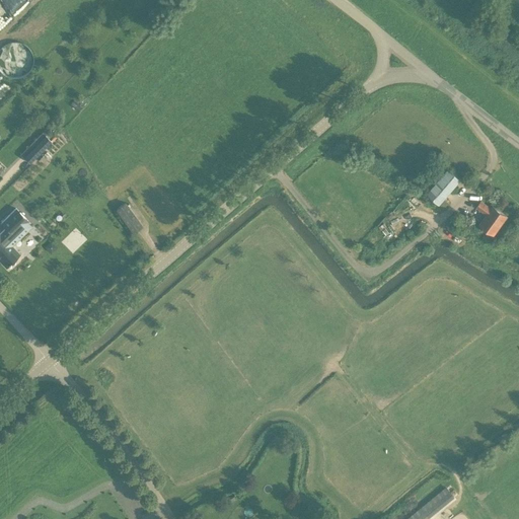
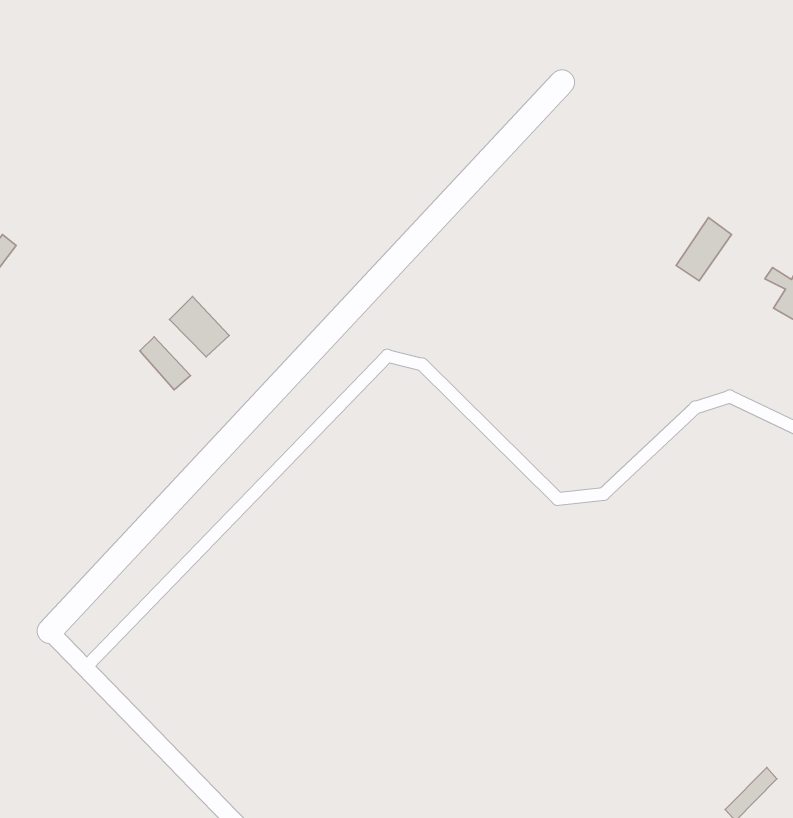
building: none -> [170,297,229,357]

